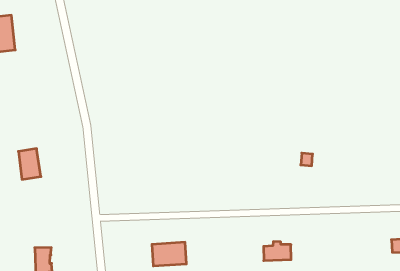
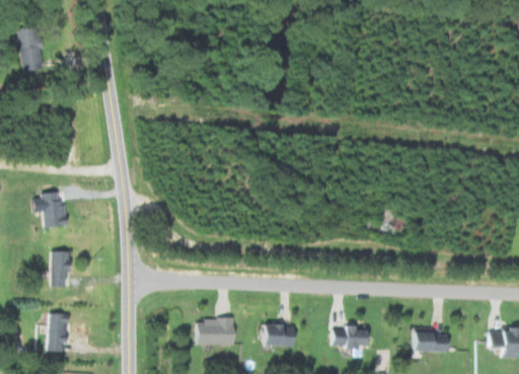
building: none -> [50,251,67,286]
building: none -> [410,332,449,352]
building: none -> [258,324,296,347]

